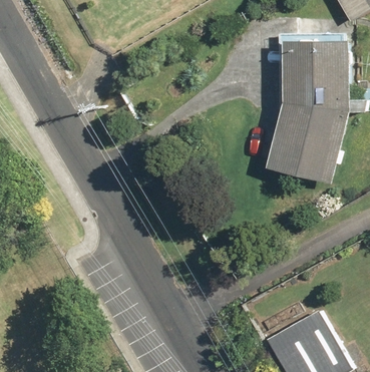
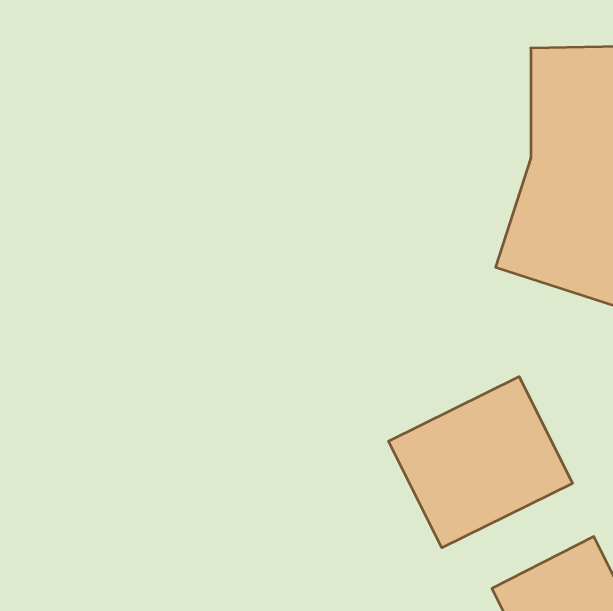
building: none -> [389,377,572,548]

